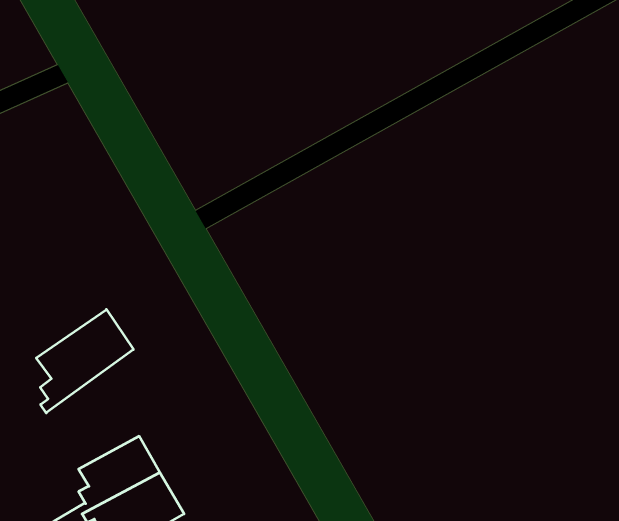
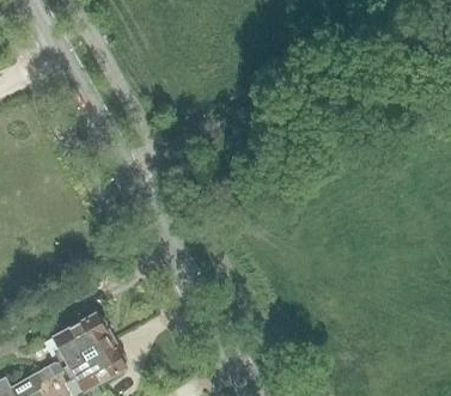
building: [36,309,133,413] -> none

